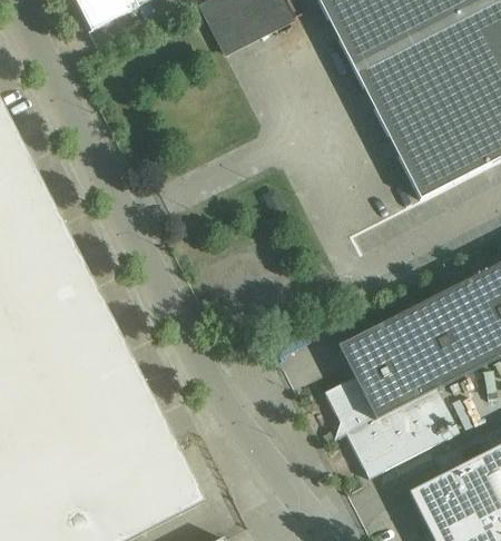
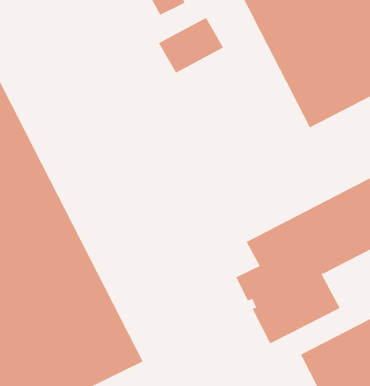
building: none -> [158,17,224,74]

